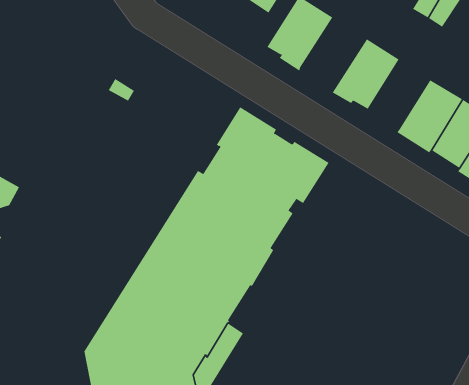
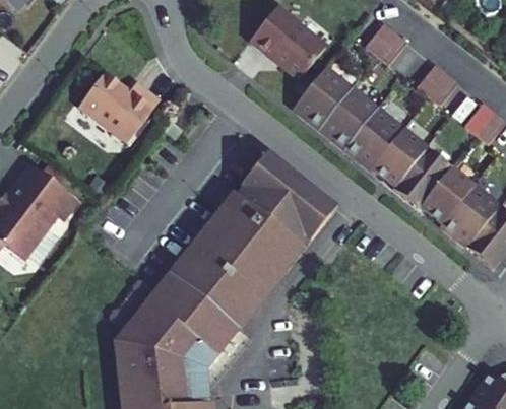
building: none -> [320,87,377,149]
building: none -> [78,72,160,143]
building: none -> [372,128,426,186]

